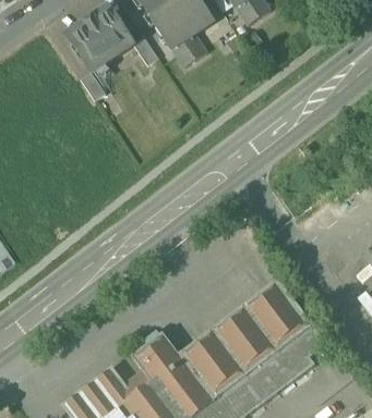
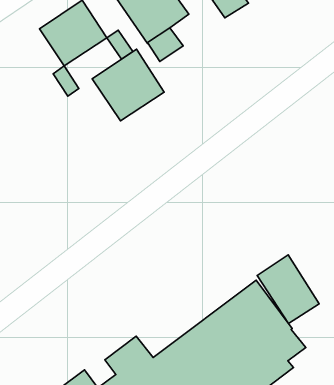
building: none -> [92,49,164,121]
building: none -> [257,255,319,324]

